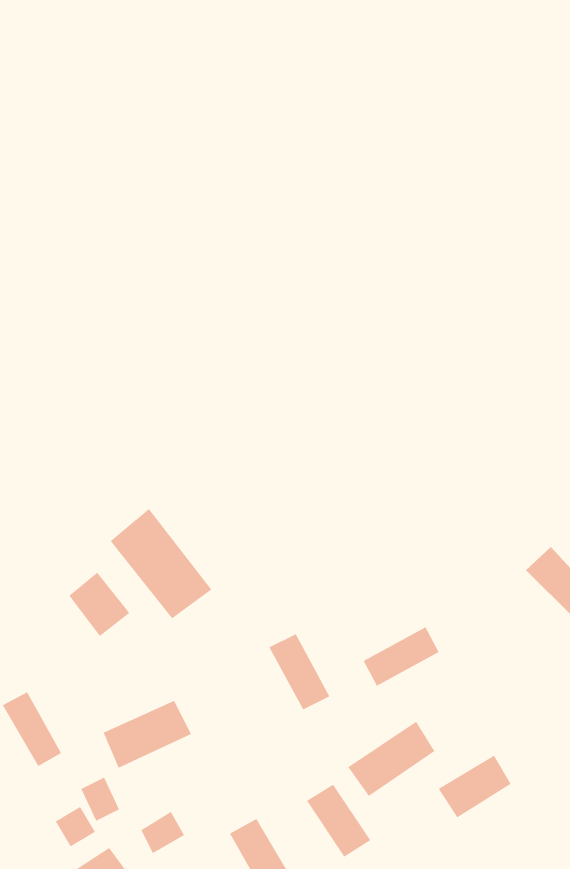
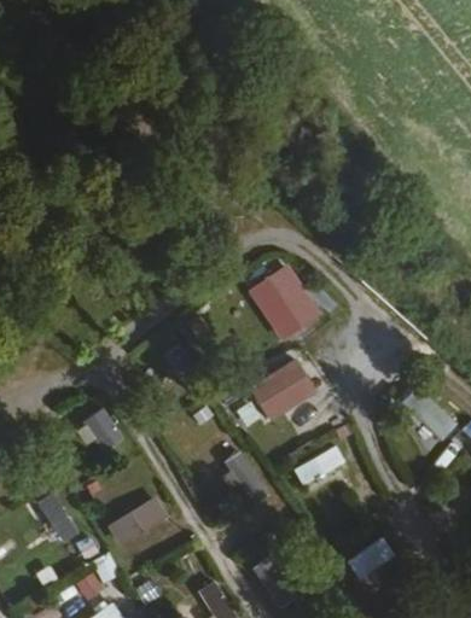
building: none -> [249,263,321,343]
building: none -> [248,357,318,421]
building: [110,508,212,619] -> none
building: [347,721,435,797] -> none

